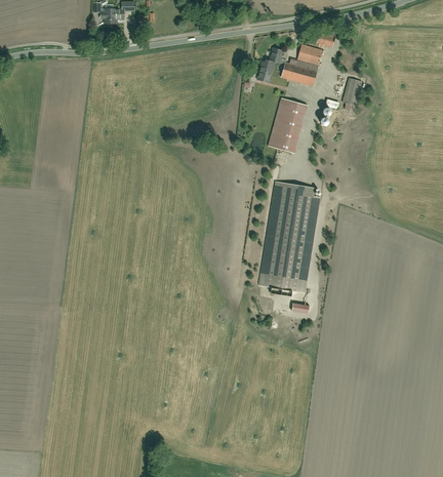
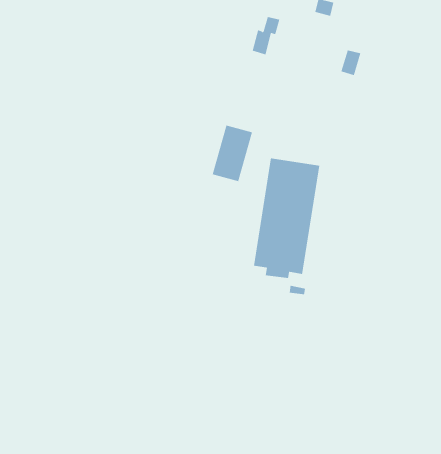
building: [281,45,322,85] -> none
building: [269,97,308,152] -> [212,125,253,182]

